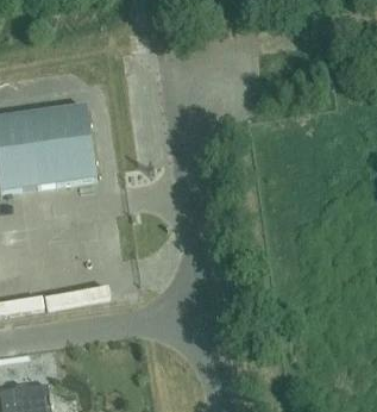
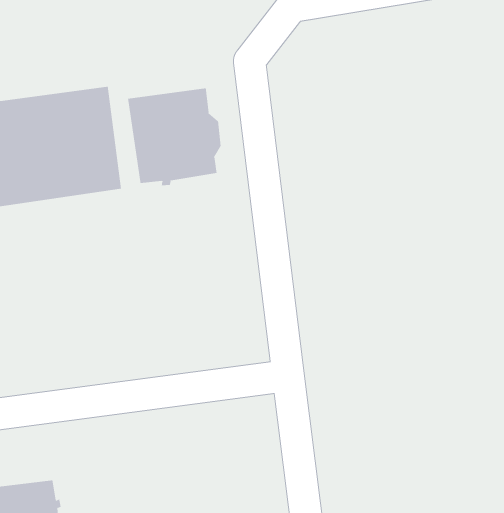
building: none -> [128,88,221,186]

